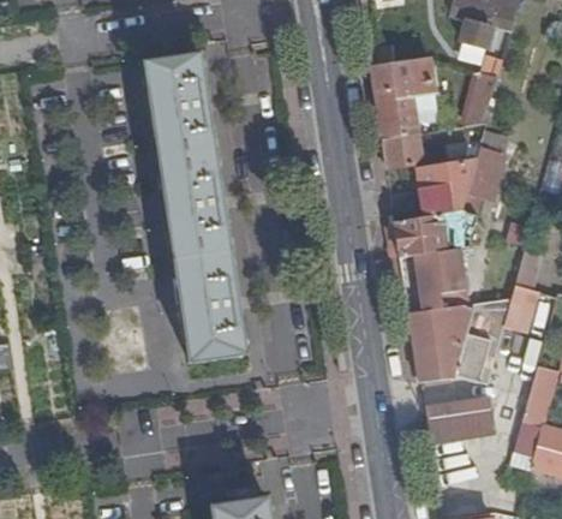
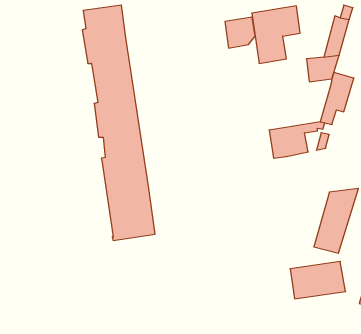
building: [381,126,420,167] -> [225,17,255,48]
building: [418,159,476,215] -> none
building: [417,249,465,303] -> none
building: [408,302,473,381] -> none

